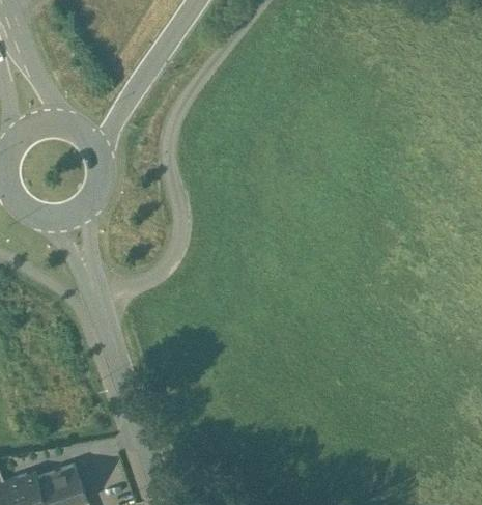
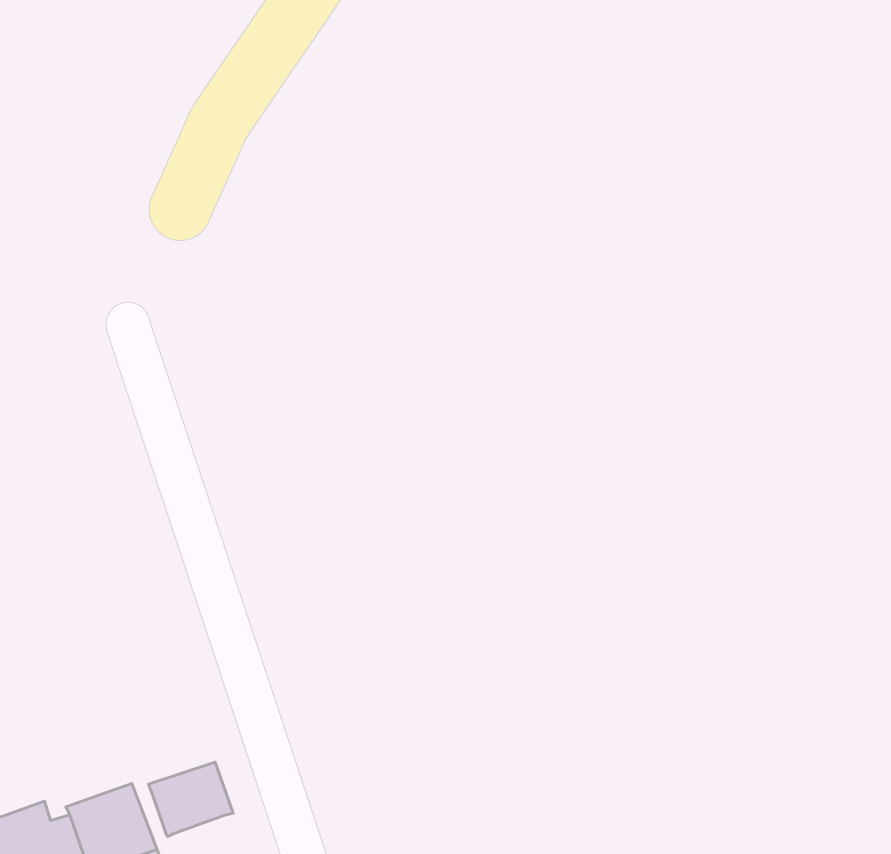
building: none -> [148,762,233,836]

